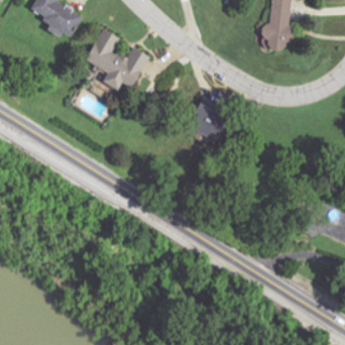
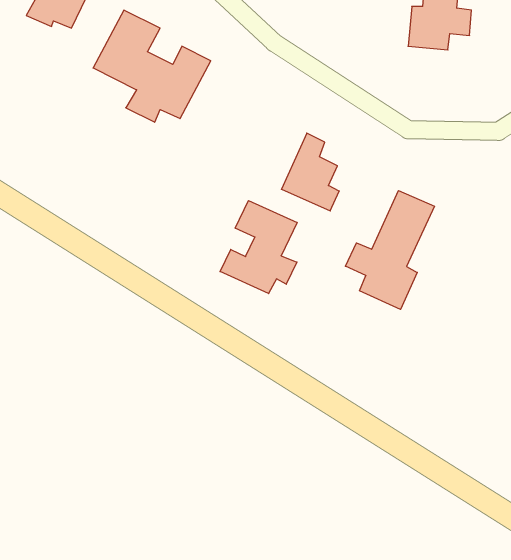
building: none -> [345,191,434,309]
building: none -> [220,201,297,294]

